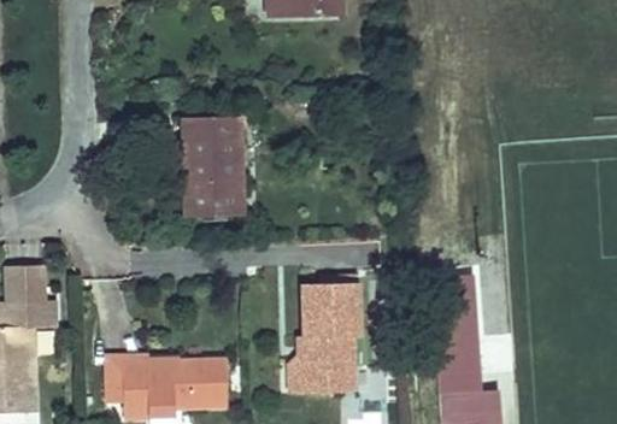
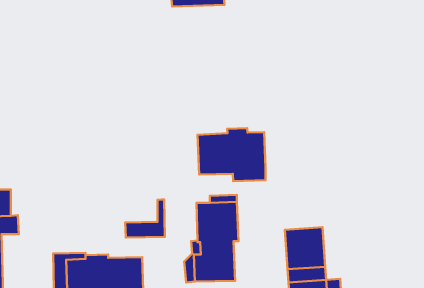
building: [182,118,242,214] -> none
building: none -> [198,128,265,181]
building: none -> [125,199,165,238]

